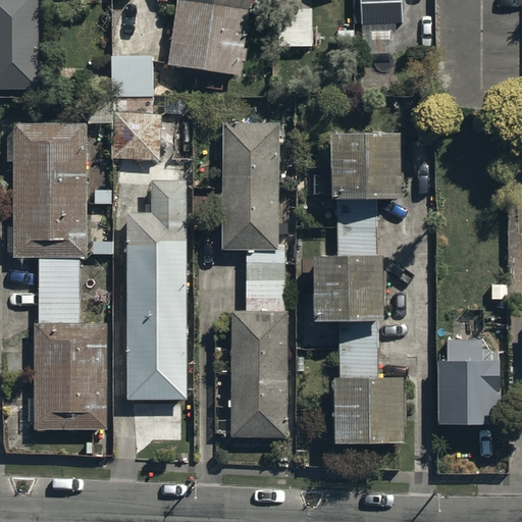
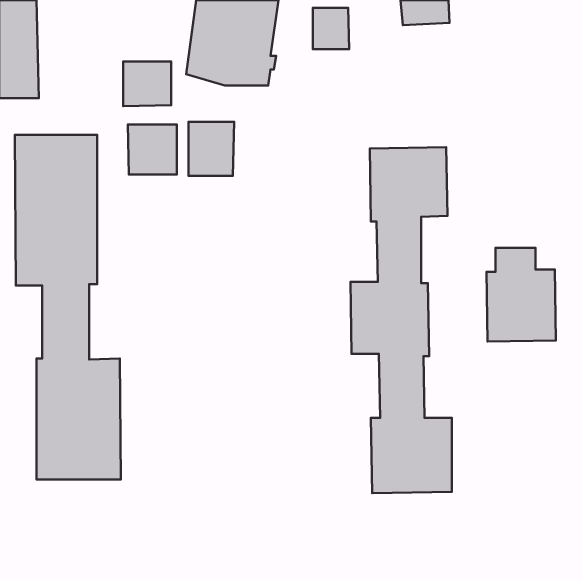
building: none -> [188,122,234,176]
building: [222,121,286,437] -> none
building: [126,180,187,400] -> none
building: [438,341,501,424] -> [486,248,556,341]

